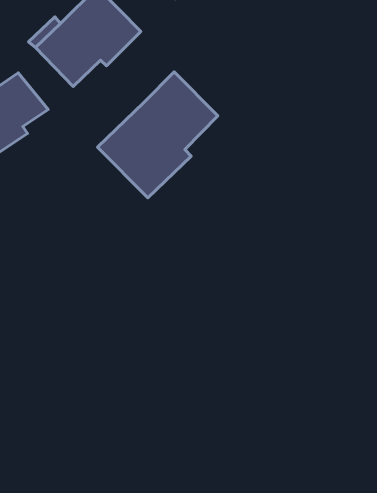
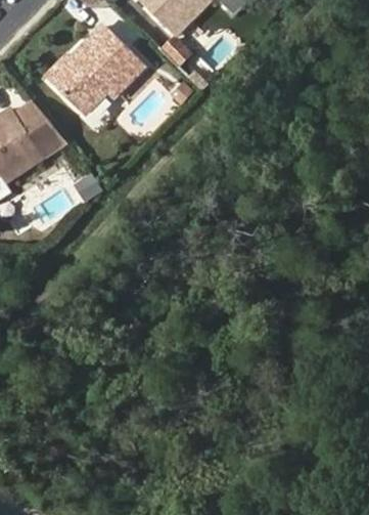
building: [98,72,218,198] -> none

